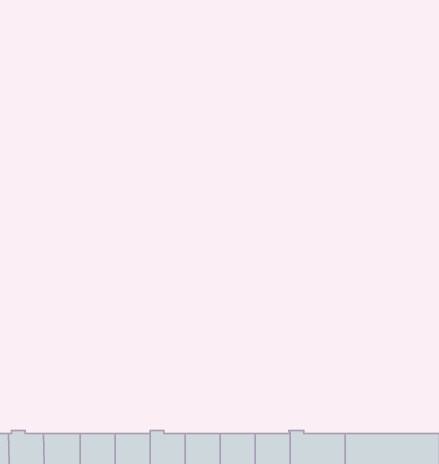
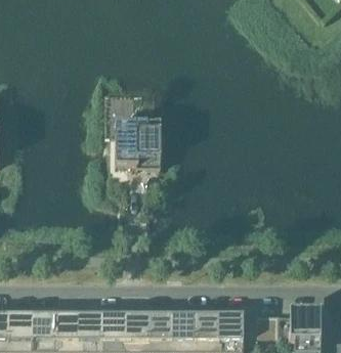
building: none -> [115,121,160,168]

